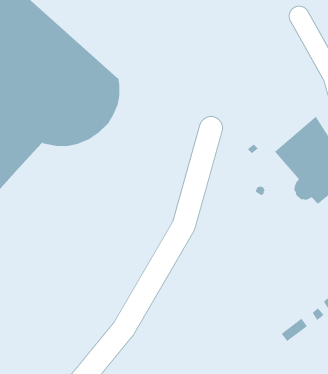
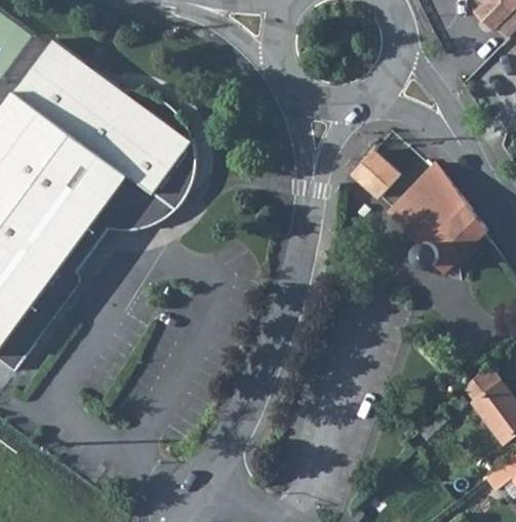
building: none -> [350,150,397,197]

